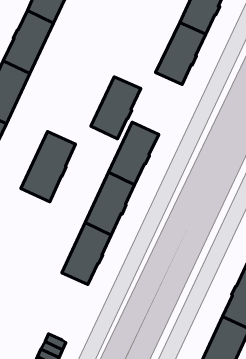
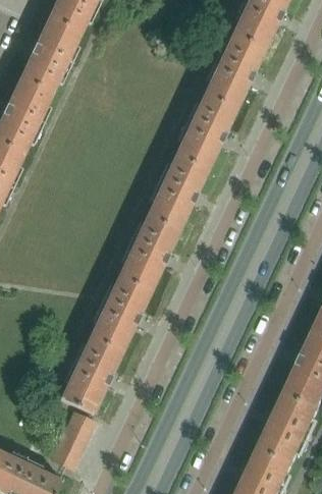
building: [91,77,141,139] -> [175,94,236,169]
building: [21,132,76,202] -> none
building: none -> [61,337,121,413]

